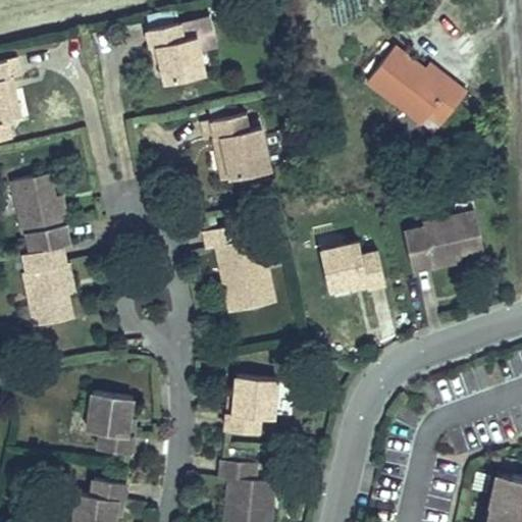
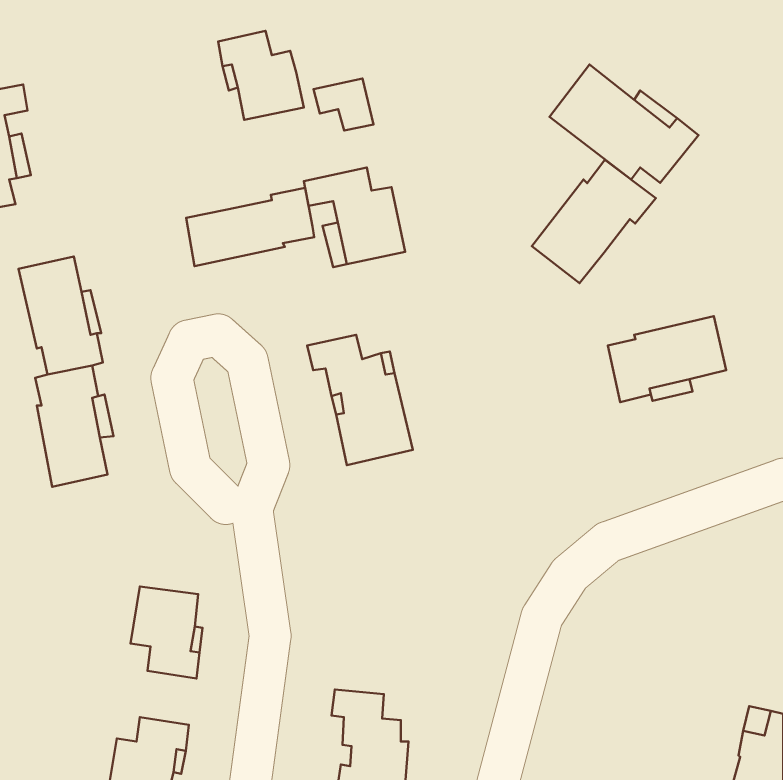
building: [176,16,216,51] -> [314,78,373,131]
building: none -> [532,160,656,283]
building: none -> [186,188,314,266]
building: [320,243,384,292] -> none
building: [225,376,276,433] -> none

